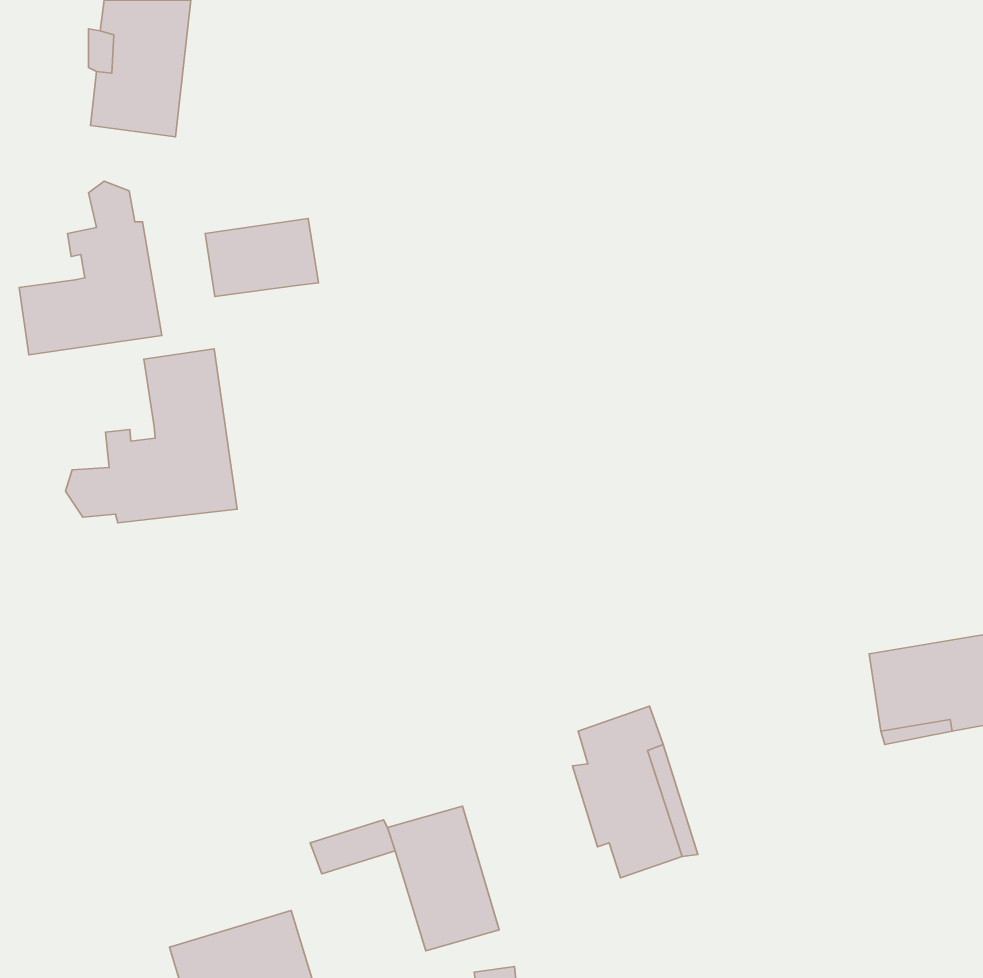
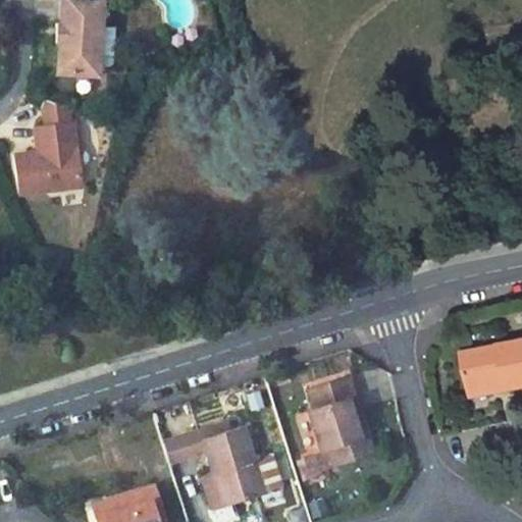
building: [205,219,318,296] -> none
building: [65,349,237,523] -> none

